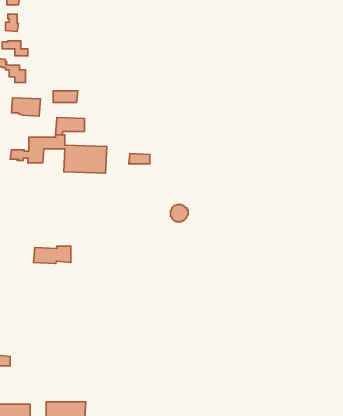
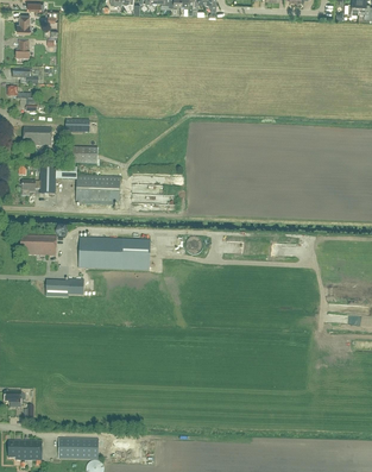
building: none -> [19,234,56,254]
building: none -> [77,237,149,269]

